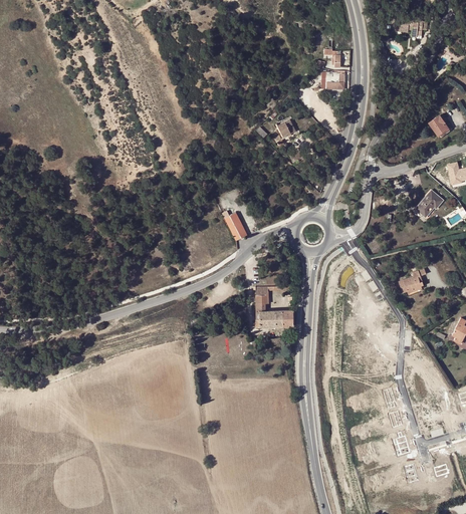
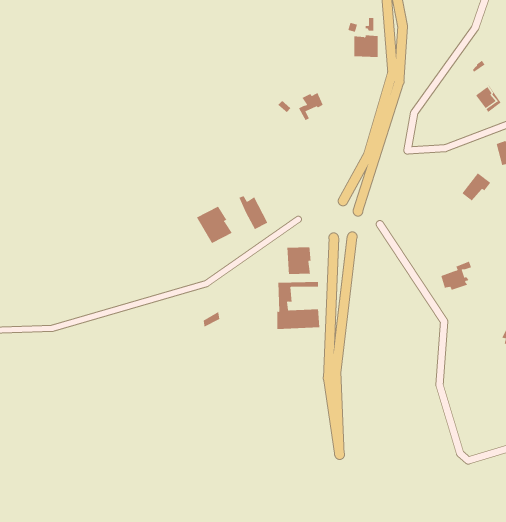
building: none -> [196,206,232,244]
building: none -> [287,247,311,275]

